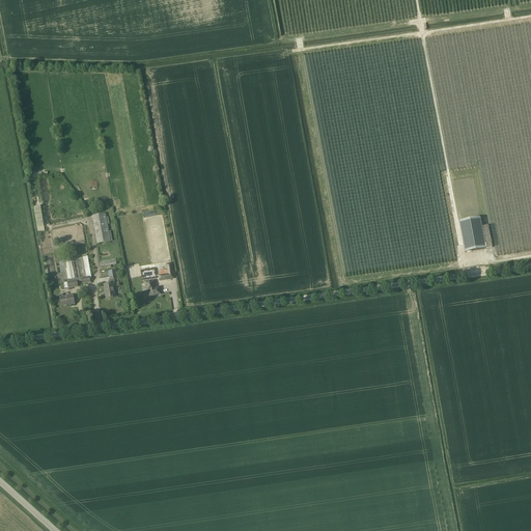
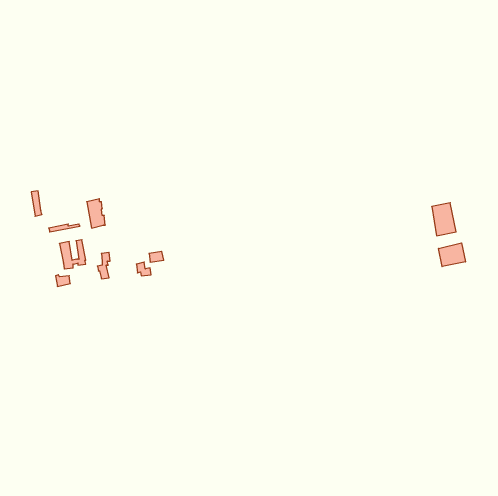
building: none -> [439,243,465,267]

